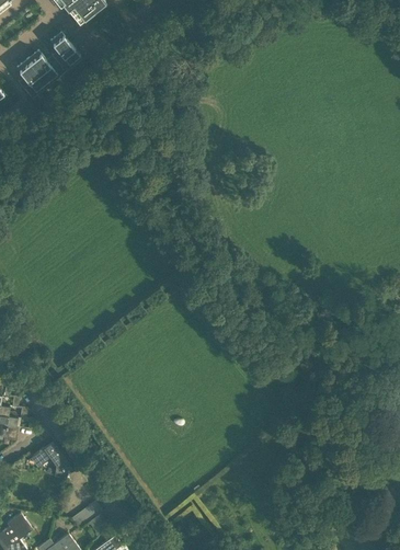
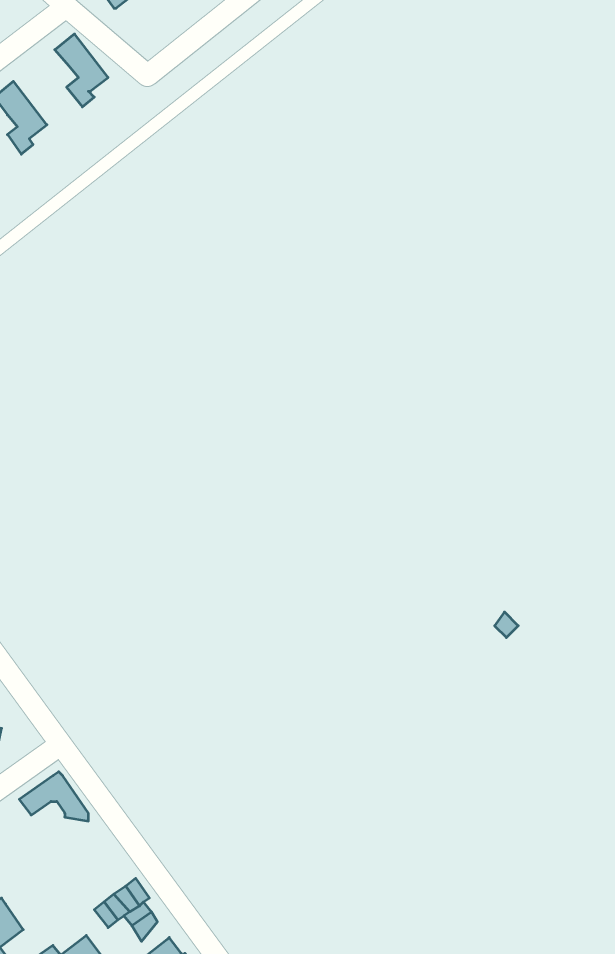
building: [26,50,65,83] -> none

